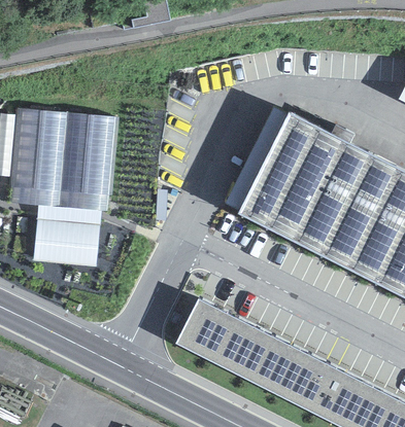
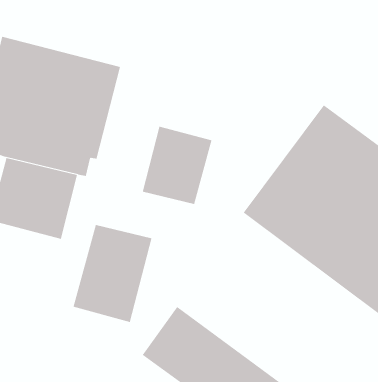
building: none -> [142,126,212,205]
building: none -> [73,224,152,323]

